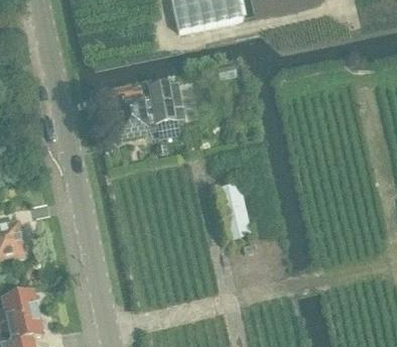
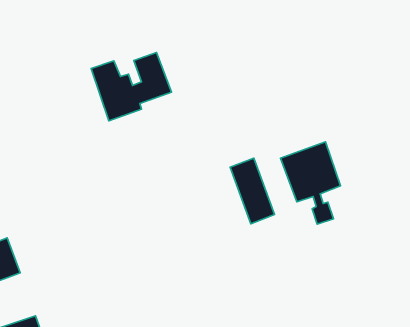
building: none -> [280,142,341,224]

